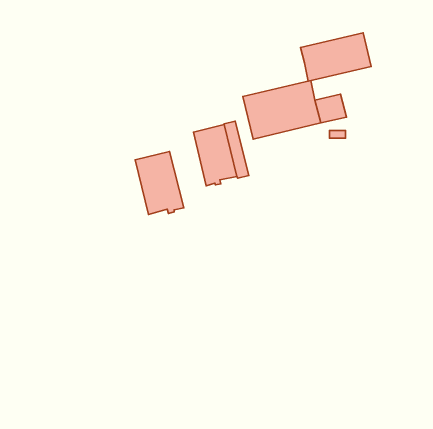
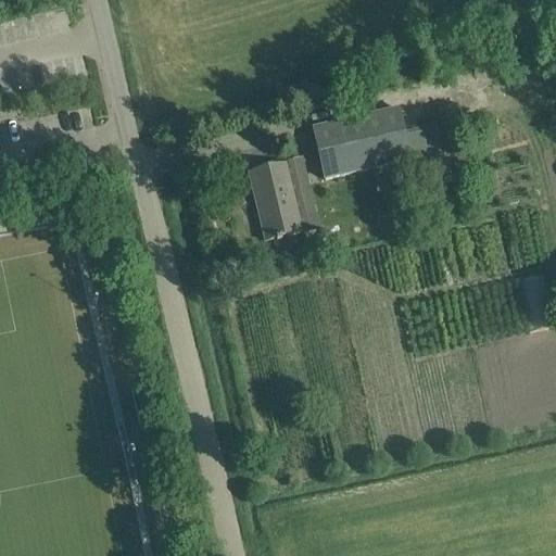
building: [300,33,371,81] -> none
building: [135,152,184,215] -> none

